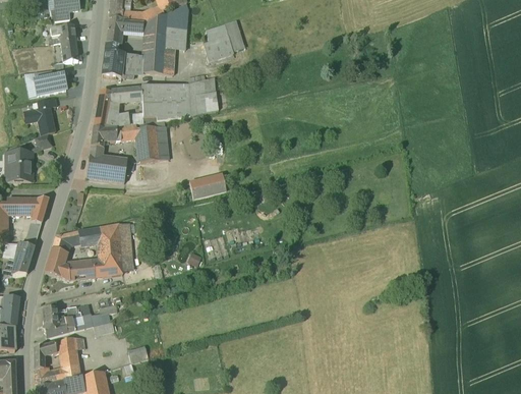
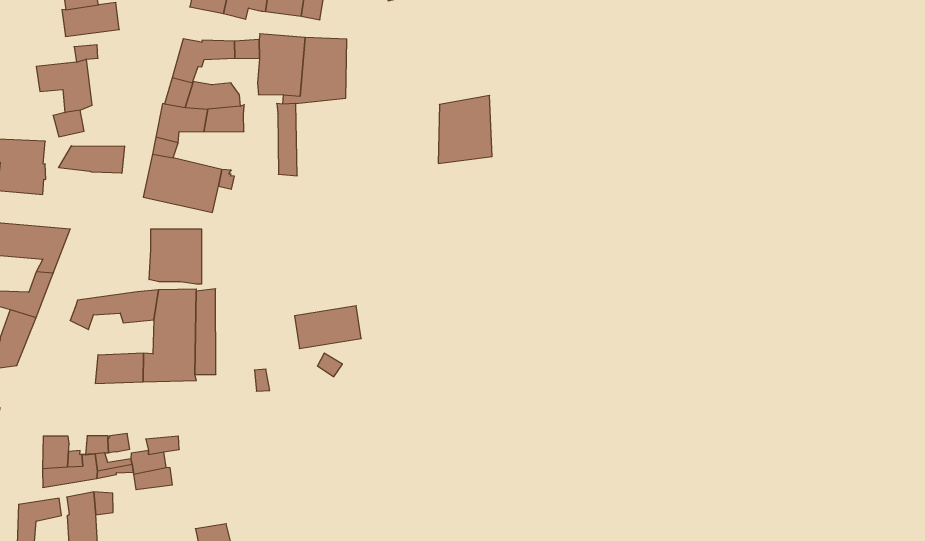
building: [188,76,219,115] -> [438,95,492,163]
building: [136,126,158,161] -> none
building: none -> [59,146,124,173]
building: [189,173,226,199] -> [295,306,361,349]
building: none -> [149,229,201,284]
building: [45,246,69,279] -> none

